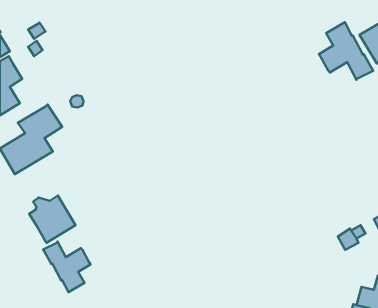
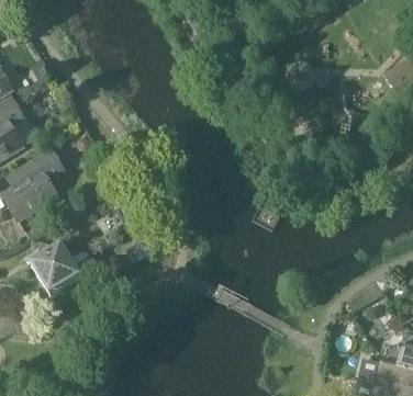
building: [319,22,373,80] -> none
building: [43,242,91,292] -> none

